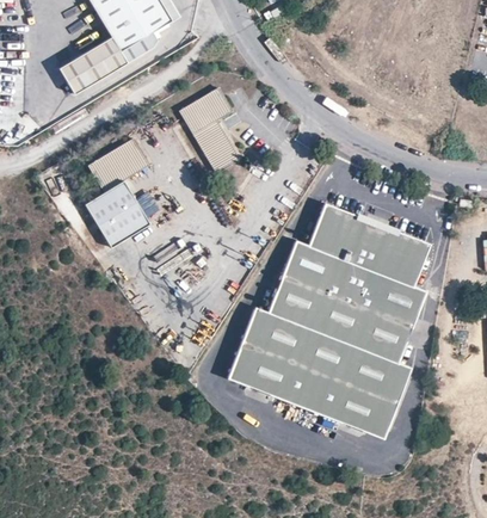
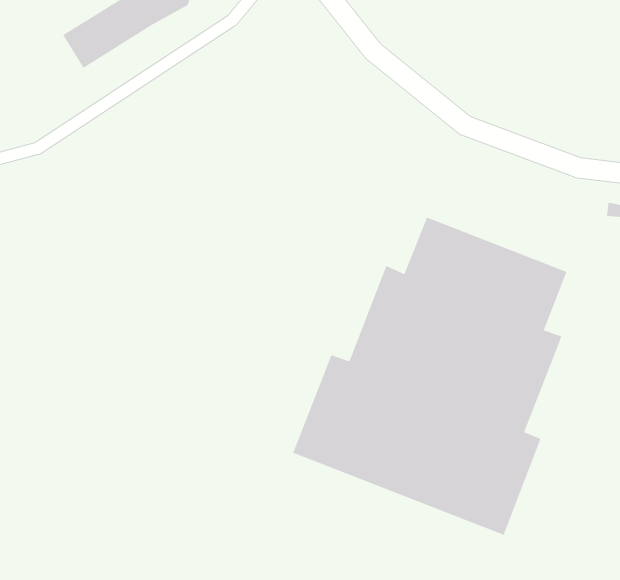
building: [183,87,241,172] -> none
building: [88,137,154,247] -> none

